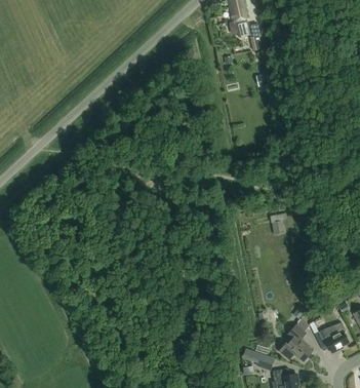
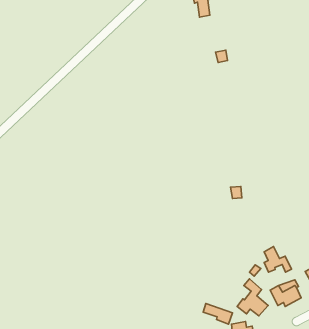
building: none -> [264,247,292,272]

